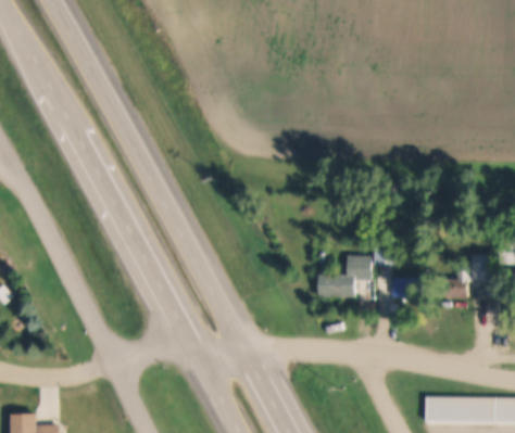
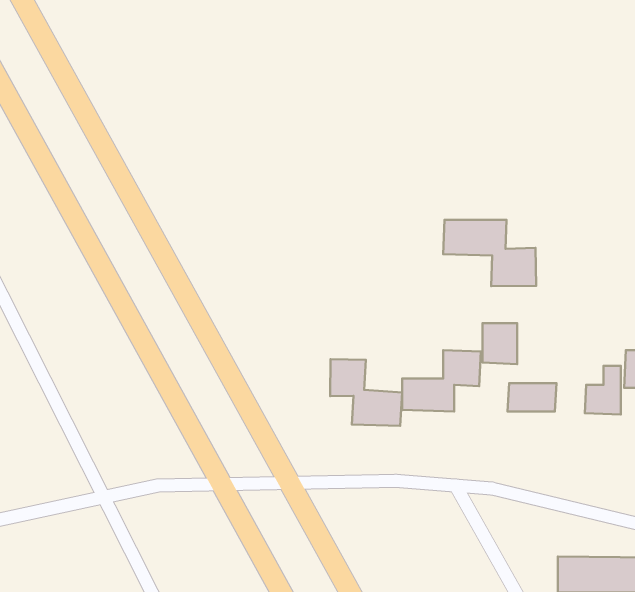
building: none -> [443,220,536,286]
building: none -> [330,359,402,426]

